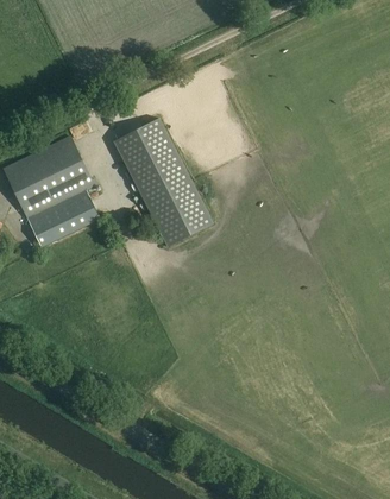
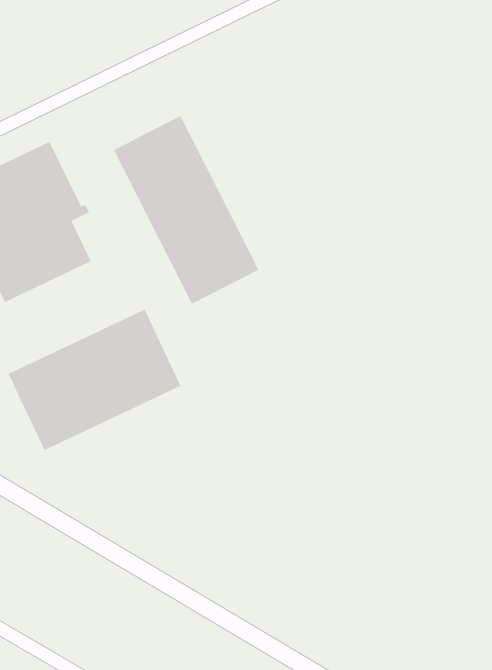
building: none -> [8,308,182,451]

